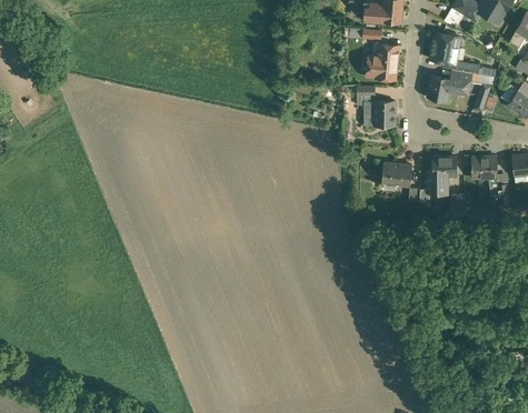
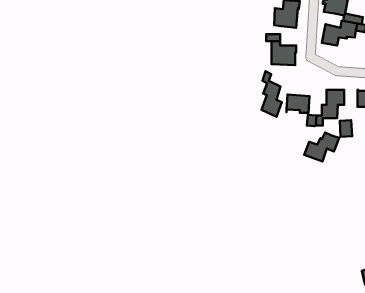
building: none -> [262,71,282,117]
building: none -> [304,133,339,162]

